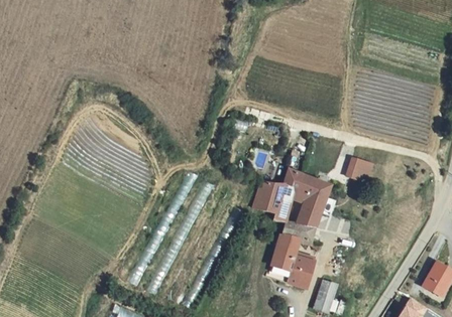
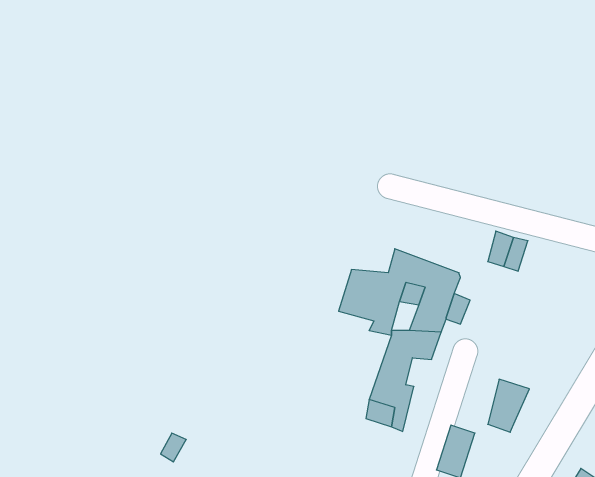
building: [294,250,320,283] -> [488,379,529,432]

